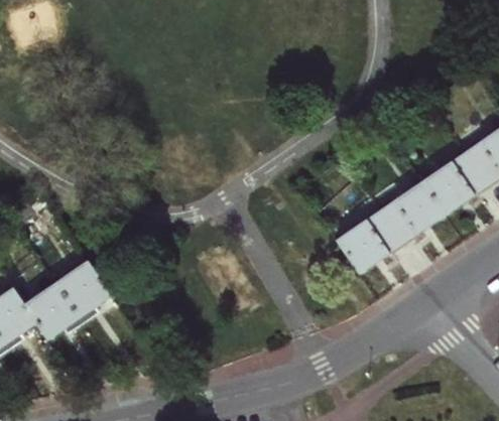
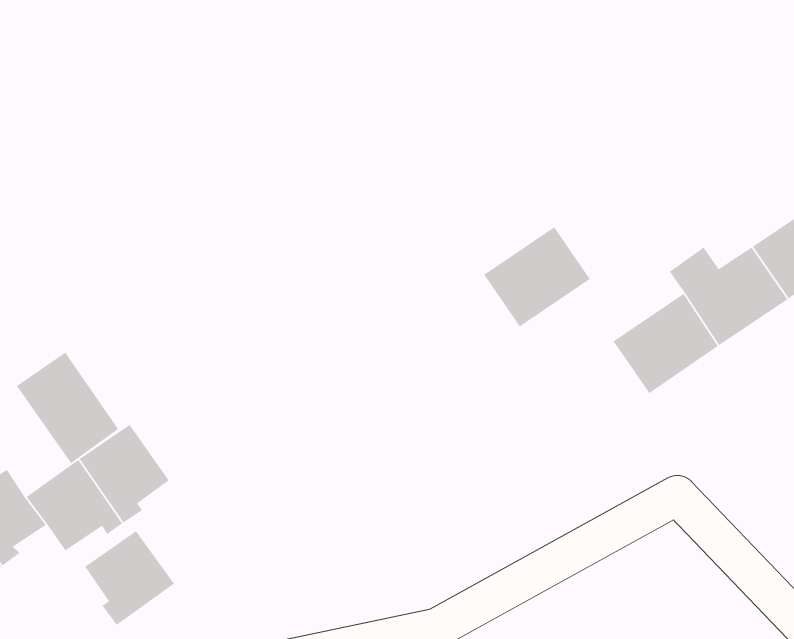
building: [336,213,401,274] -> [483,226,591,327]
building: none -> [16,352,119,464]
building: none -> [84,530,175,626]

